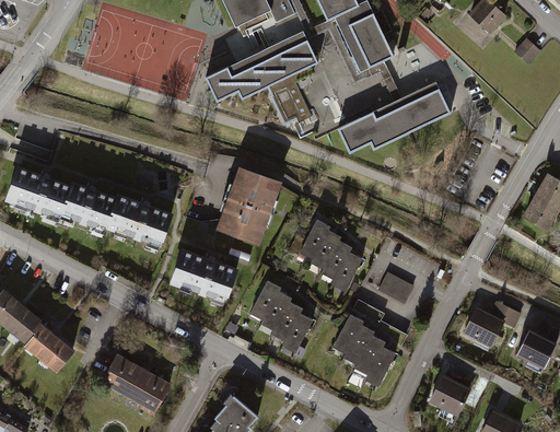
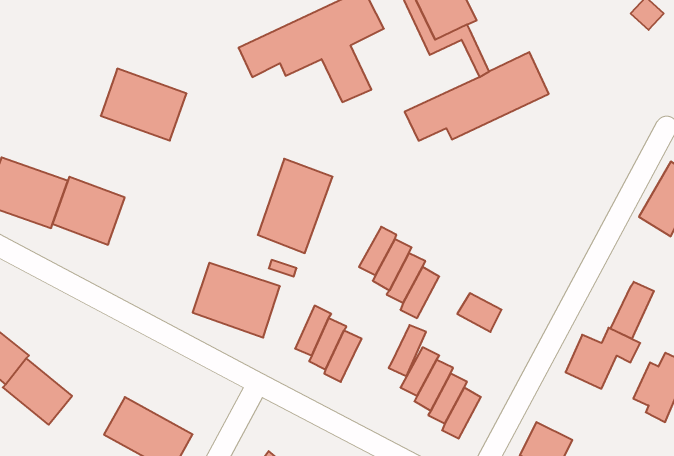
building: [104,192,172,249] -> [101,69,187,141]
building: none -> [610,282,654,339]
building: [284,312,314,352] -> [389,325,426,376]

